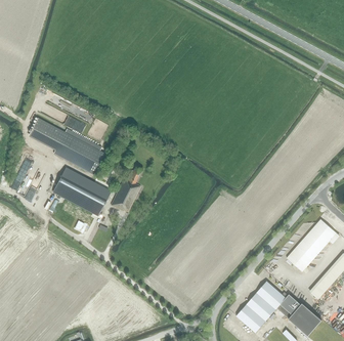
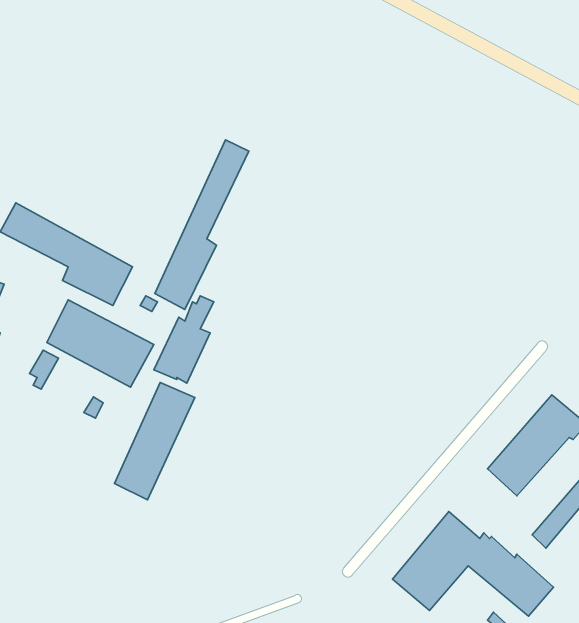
building: none -> [155,140,249,310]
building: none -> [114,383,195,500]

